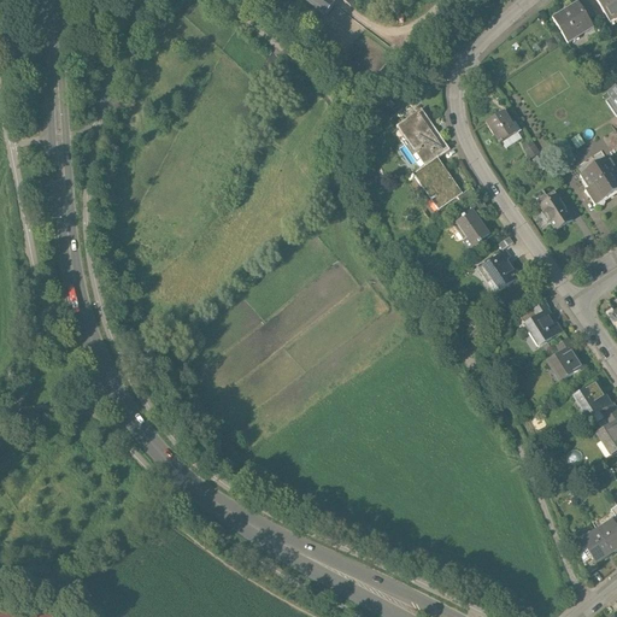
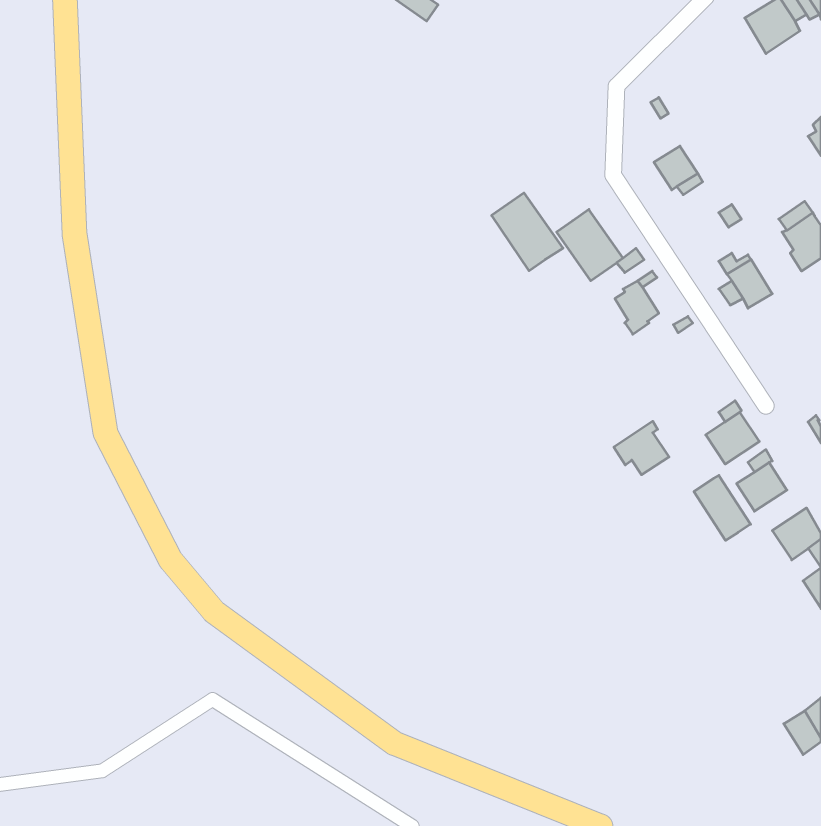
building: [398,106,451,164] -> [492,193,563,271]
building: [480,248,521,288] -> [614,421,669,475]
building: none -> [694,475,751,540]

